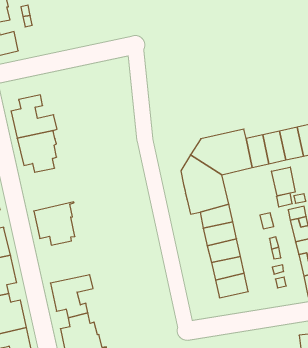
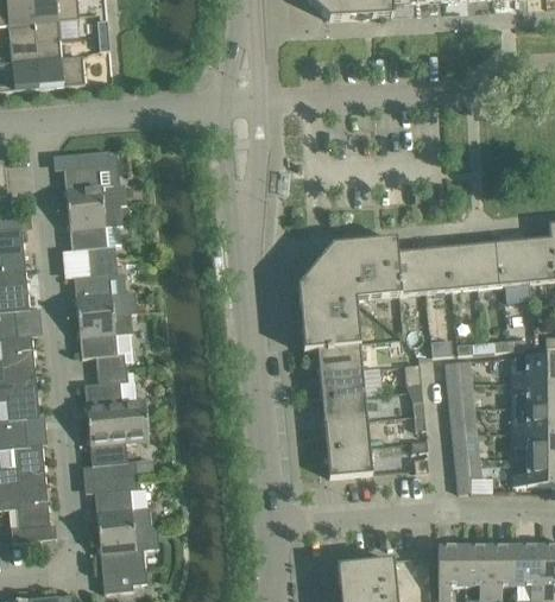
building: [272,167,295,196] -> none
building: none -> [74,258,137,316]
building: none -> [83,366,146,423]

